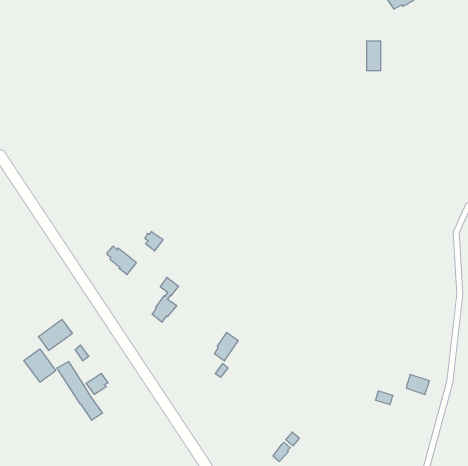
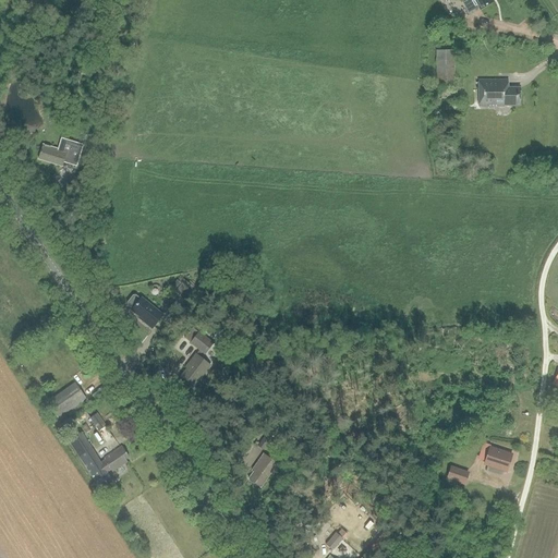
building: none -> [478,78,520,105]
building: none -> [38,136,83,165]
building: [214,333,238,361] -> [248,452,277,486]
building: [24,349,56,382] -> none

